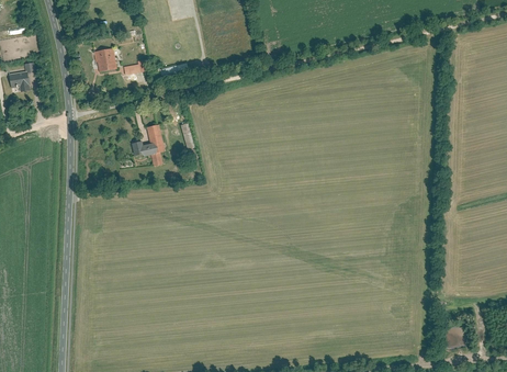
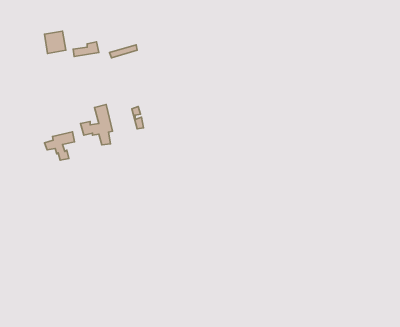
building: none -> [45,132,75,160]

